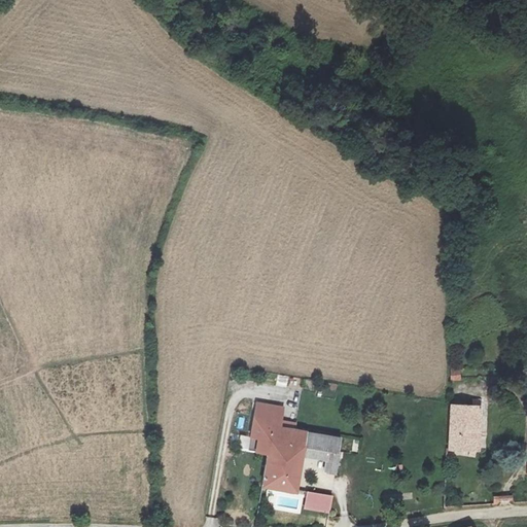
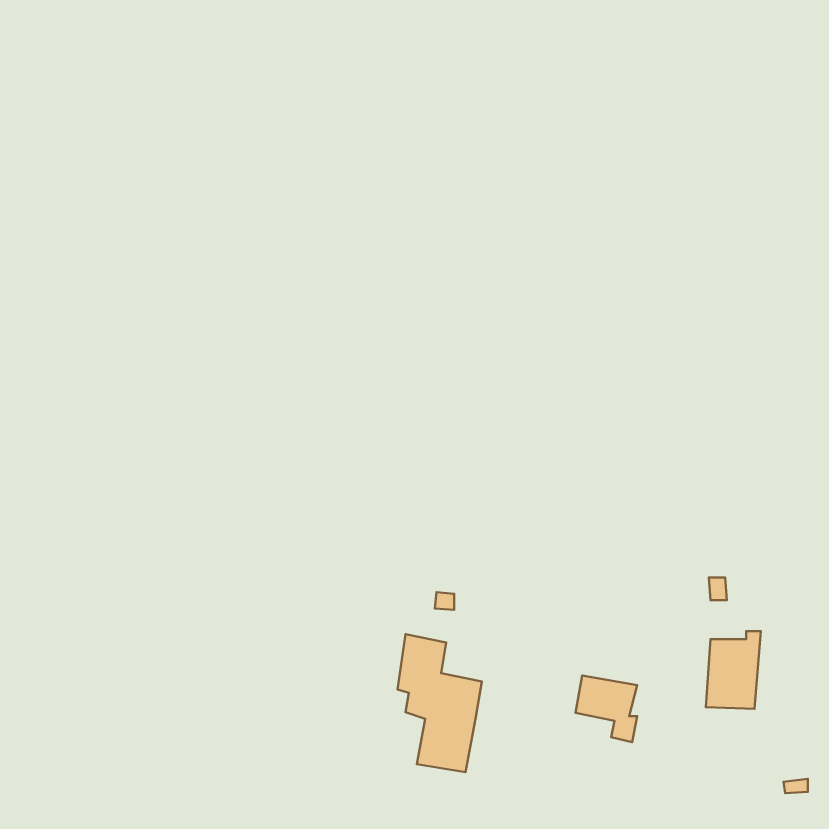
building: [302,432,341,475] -> [576,675,637,742]
building: [305,492,332,513] -> none

